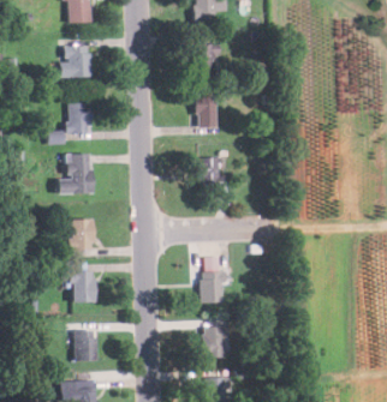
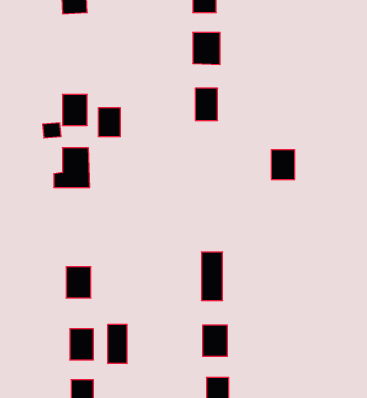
building: [61,47,91,78] -> none
building: none -> [99,108,120,137]
building: [198,157,221,186] -> [271,150,295,179]
building: [71,217,94,248] -> none
building: none -> [108,324,127,364]

